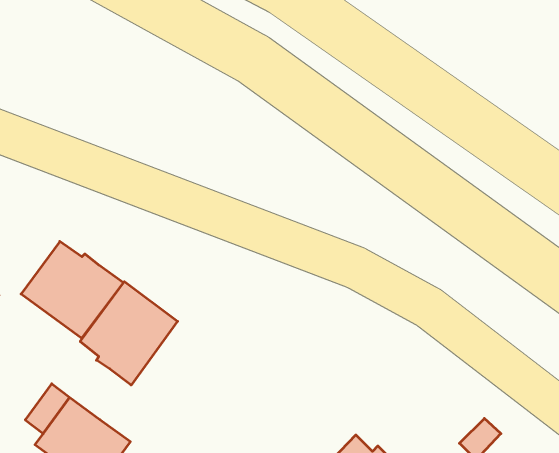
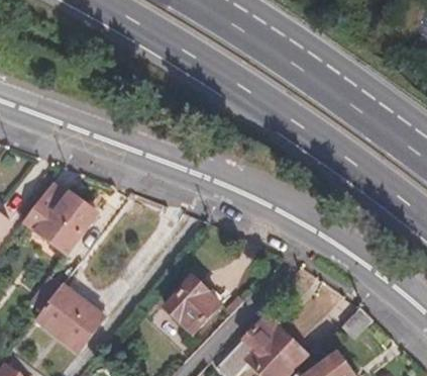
building: [80,282,178,385] -> none
building: none -> [165,275,221,332]

